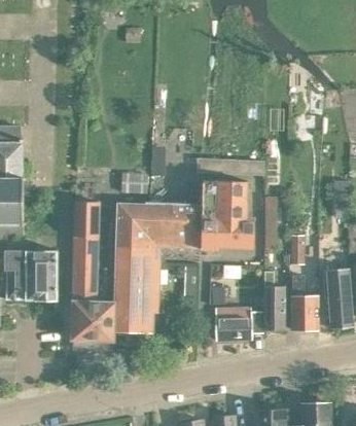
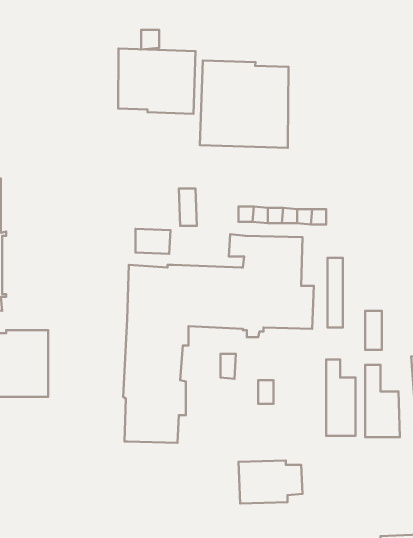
building: none -> [118,49,196,114]
building: none -> [200,61,289,148]
building: [70,201,115,351] -> none
building: [215,308,262,340] -> [239,461,303,504]

